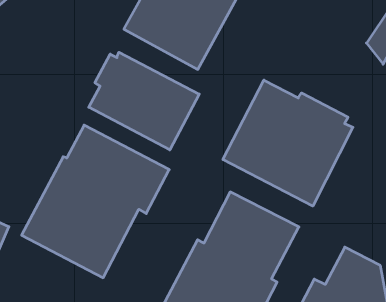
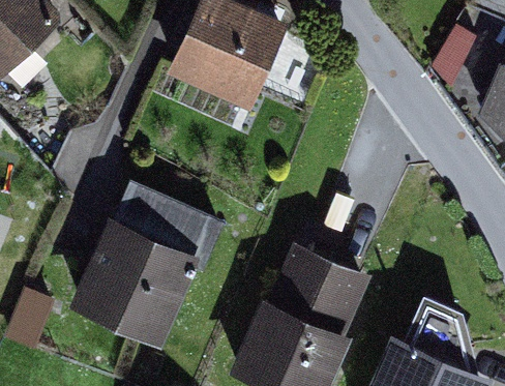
building: [89,52,199,150] -> none
building: [223,80,353,206] -> none

